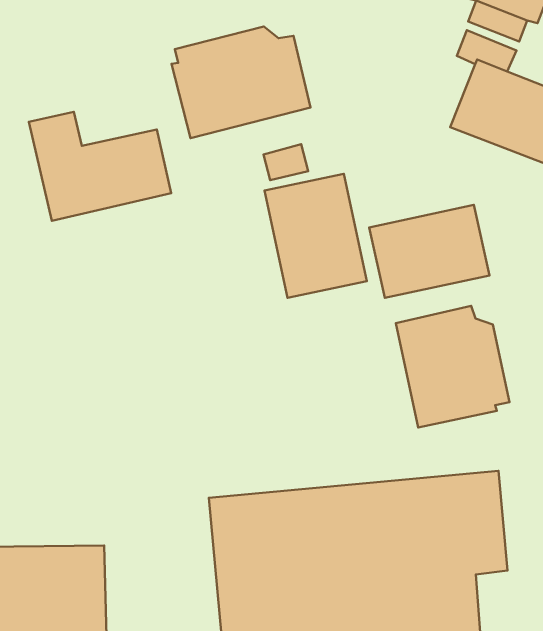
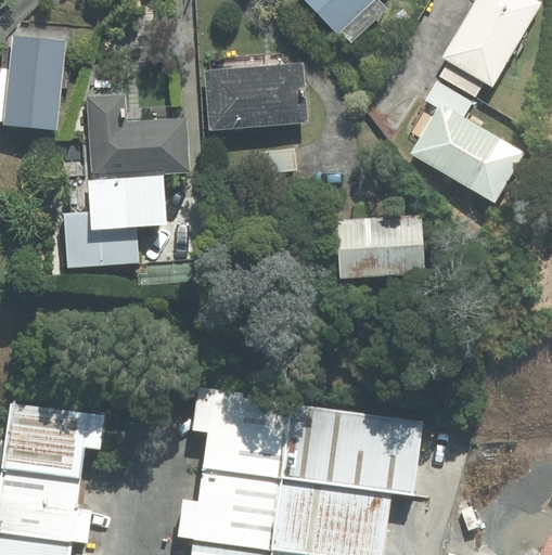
building: [264,174,367,298] -> none
building: none -> [65,176,166,267]
building: [396,306,509,428] -> none

